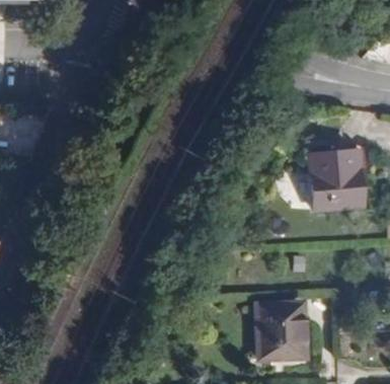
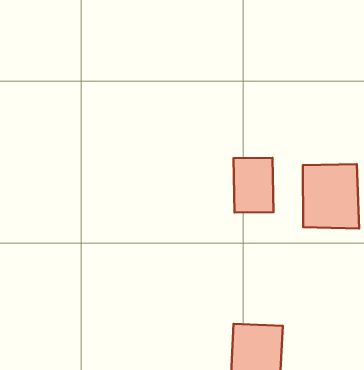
building: none -> [234,158,274,213]

